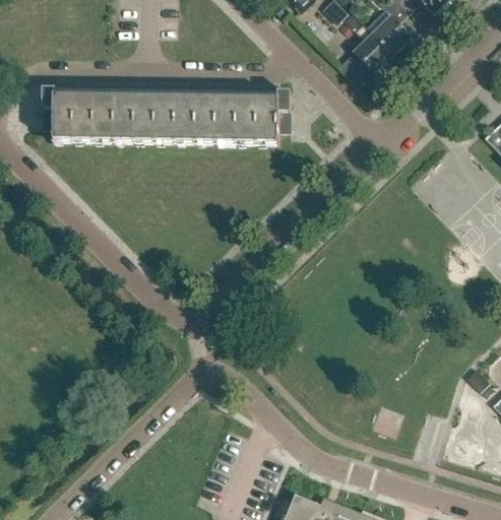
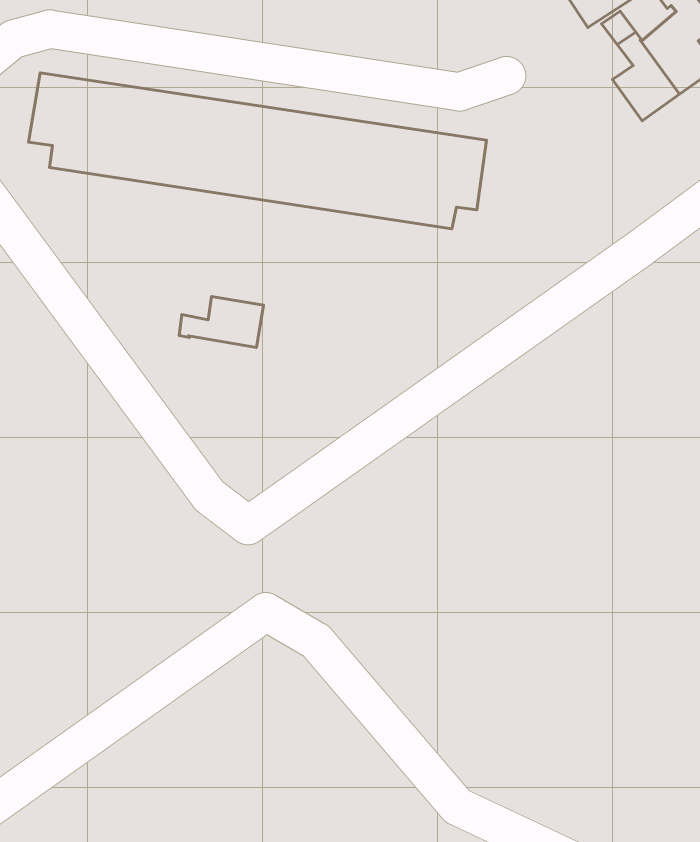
building: none -> [179,296,263,348]

